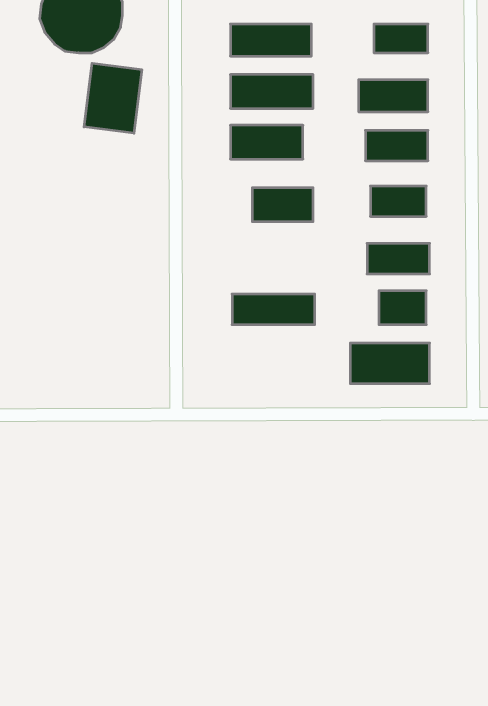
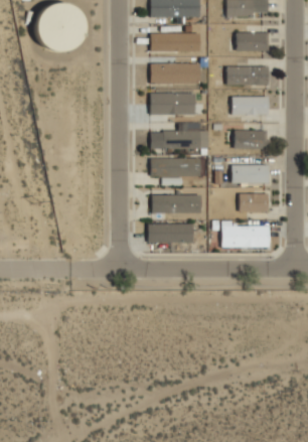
building: [84,63,142,133] -> none
building: none -> [150,158,199,176]
building: none -> [148,224,192,242]

